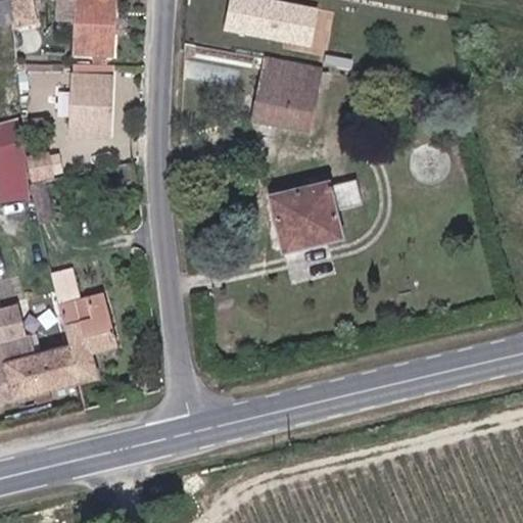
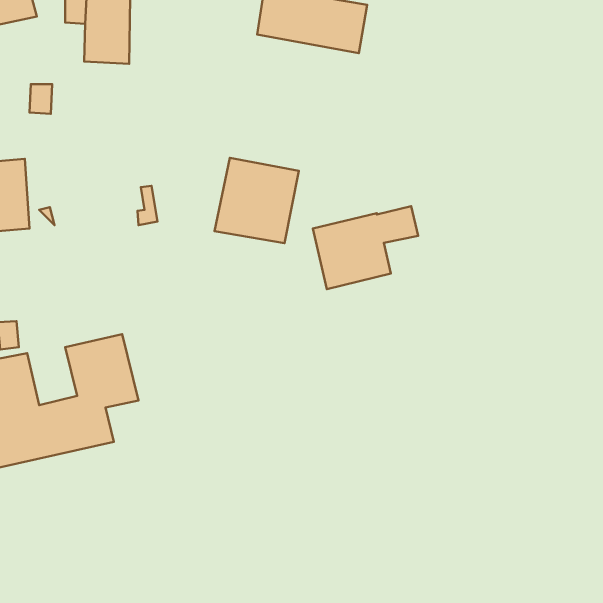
building: [248,56,321,130] -> [215,158,299,243]
building: [68,62,110,137] -> none

